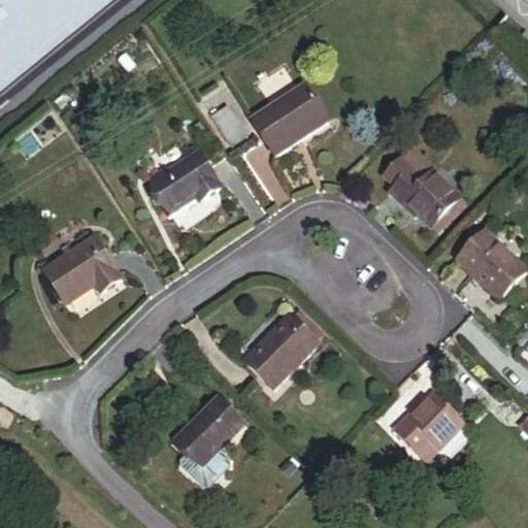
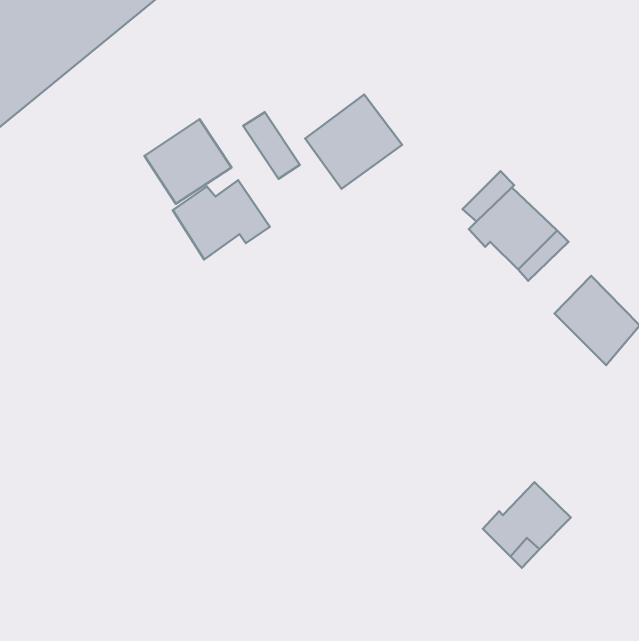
building: none -> [145,119,232,204]
building: [34,227,121,304] -> none
building: [236,309,319,392] -> none
building: [175,393,245,486] -> none

